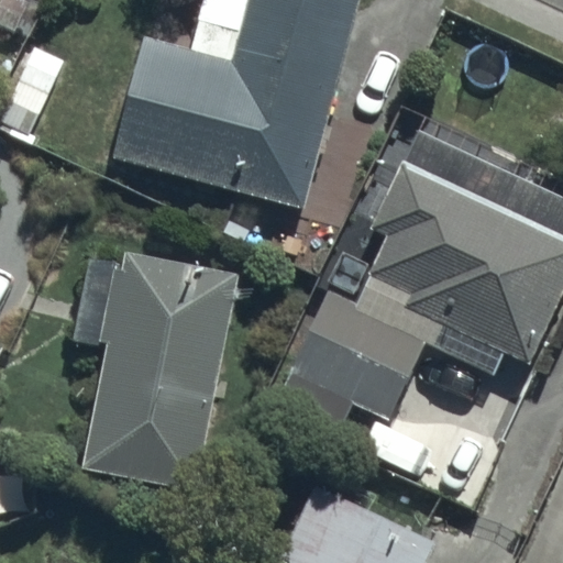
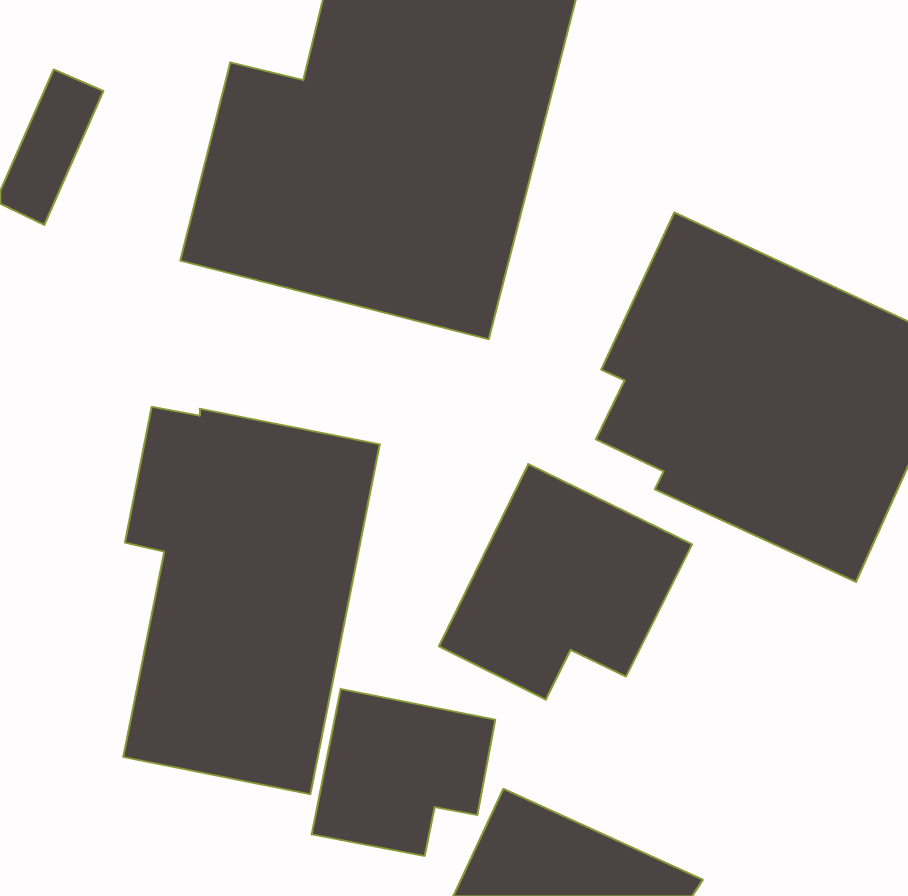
building: none -> [312,689,495,856]

